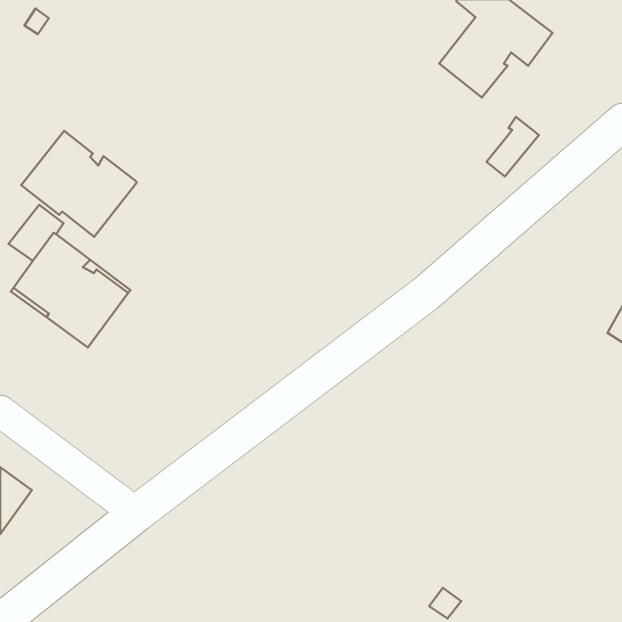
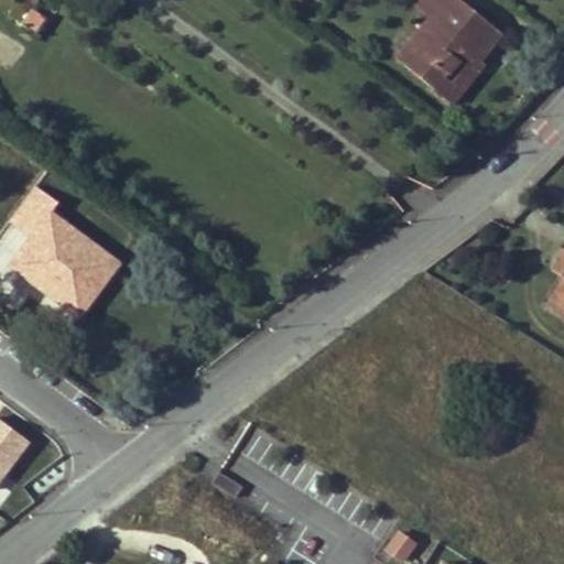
building: [486,117,539,177] -> [436,47,484,101]
building: [21,131,137,237] -> none

